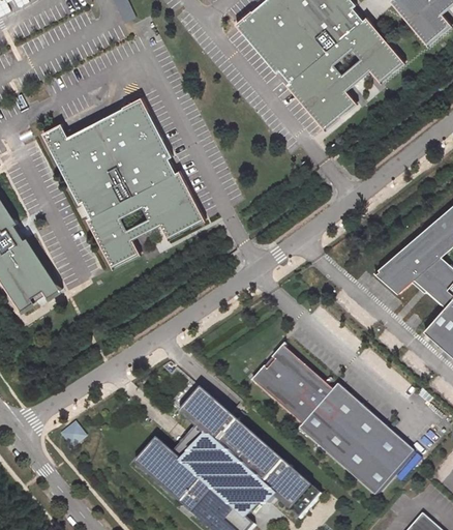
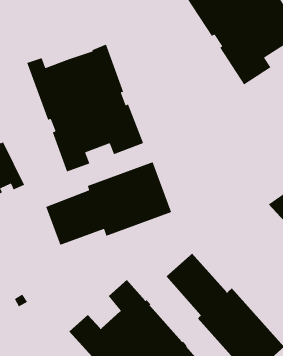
building: none -> [45,161,172,246]

